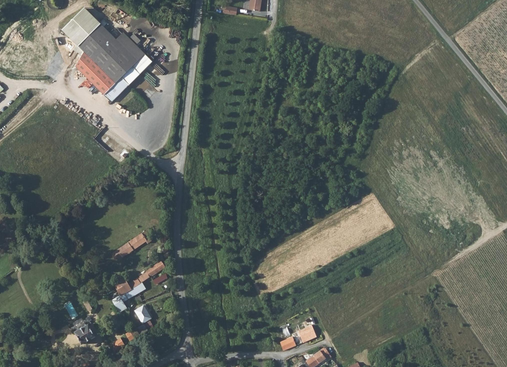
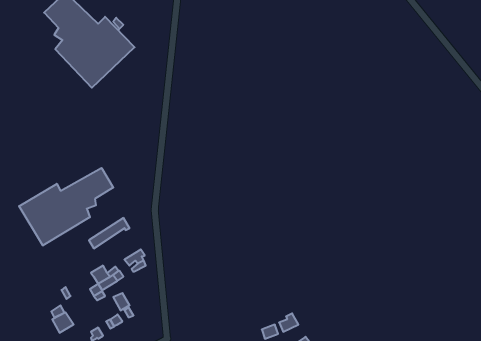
building: none -> [19,168,113,246]

